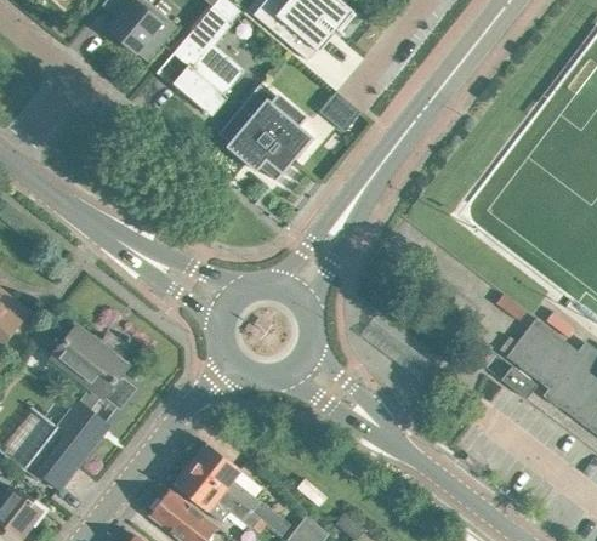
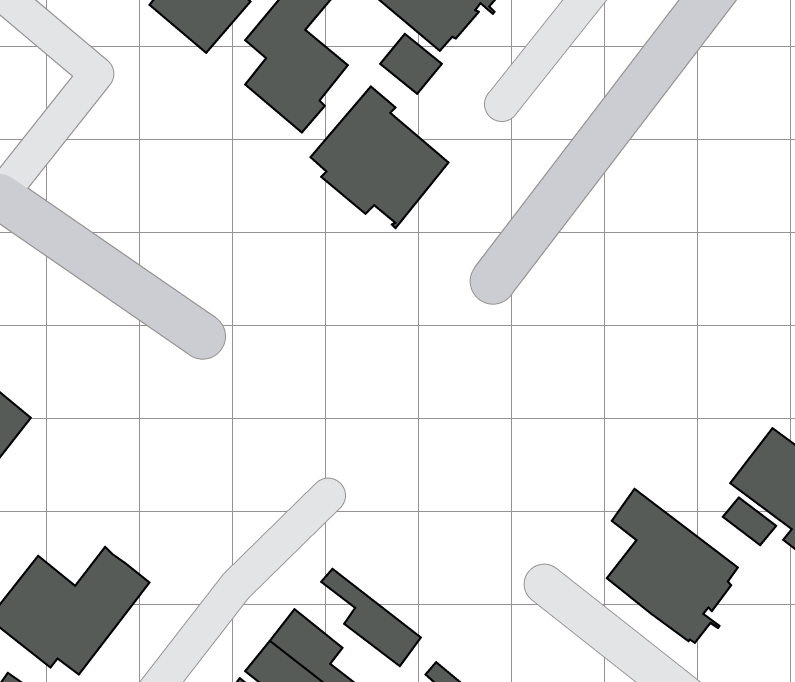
building: [318,91,360,132] -> [380,34,442,94]
building: [34,326,136,411] -> none
building: none -> [607,489,738,643]
building: none -> [321,569,421,666]

